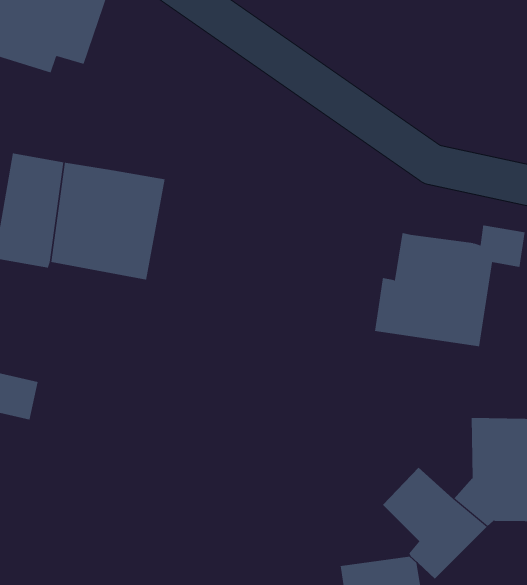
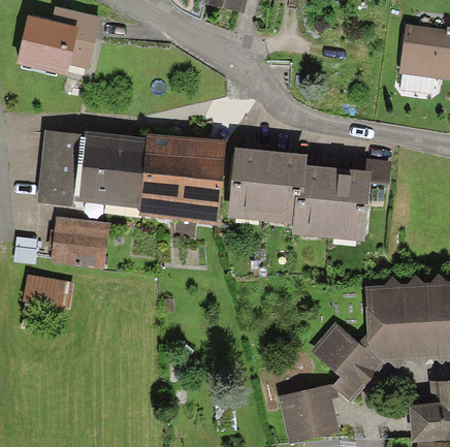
building: none -> [139,137,228,224]
building: none -> [229,150,309,224]
building: none -> [51,217,109,267]

